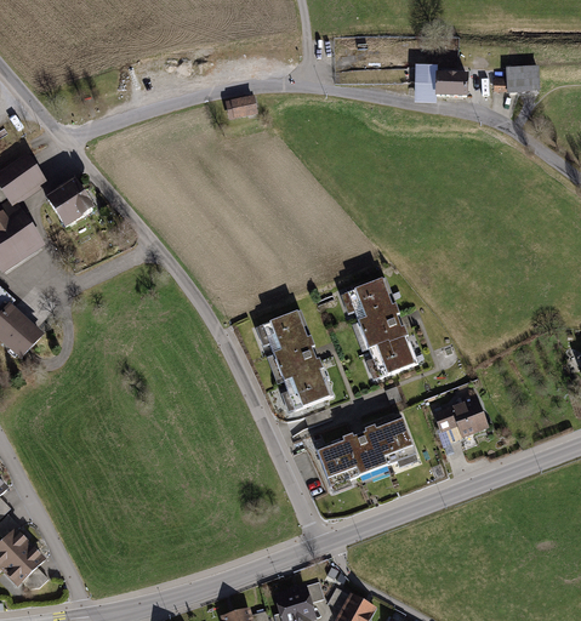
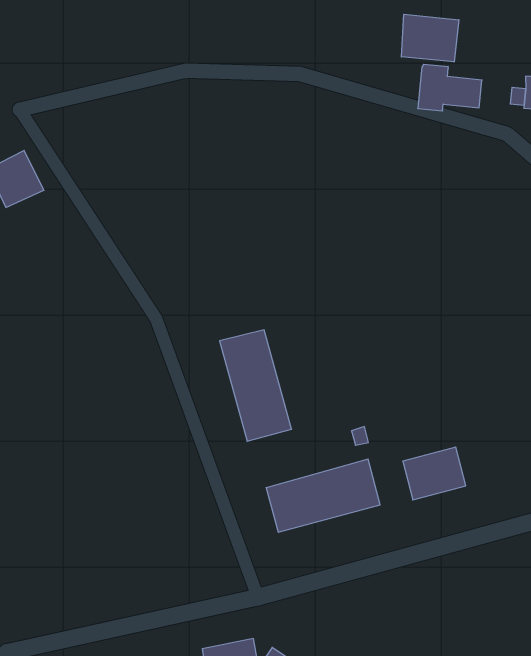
building: none -> [401,14,459,62]
building: [224,95,257,120] -> none
building: [347,278,417,377] -> none

